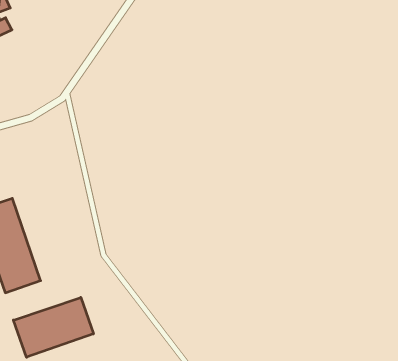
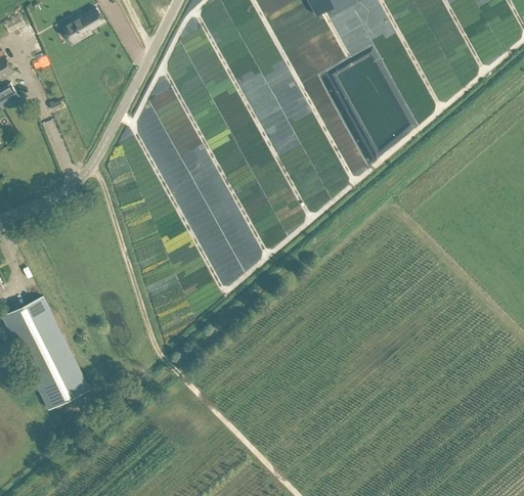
building: [13,297,93,357] -> none

